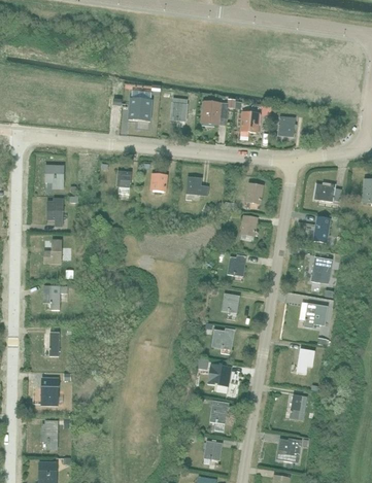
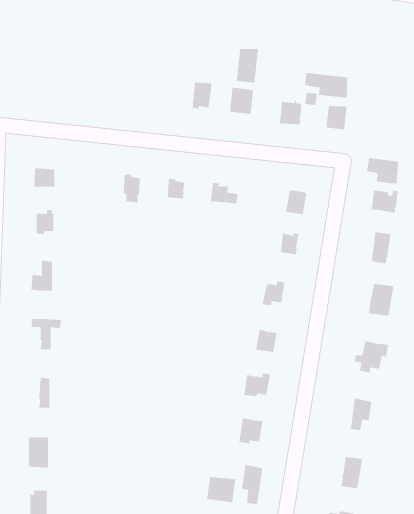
building: none -> [236,48,258,83]
building: none -> [304,72,348,98]
building: [129,98,151,120] -> none
building: none -> [367,157,399,184]
building: none -> [207,476,236,503]

